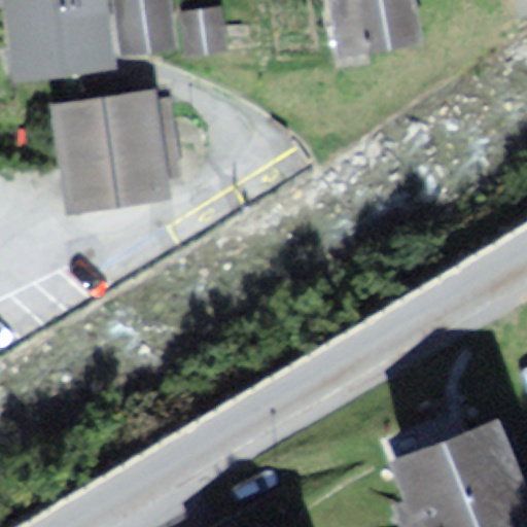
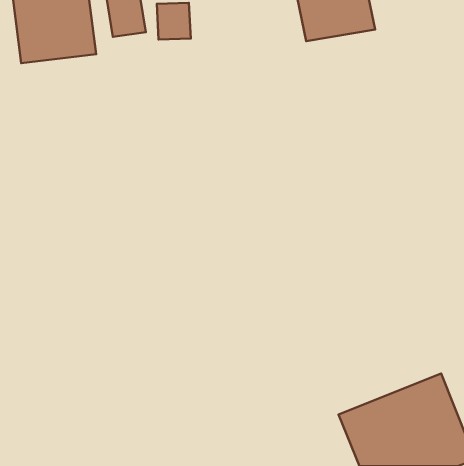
building: [66,98,168,203] -> none

